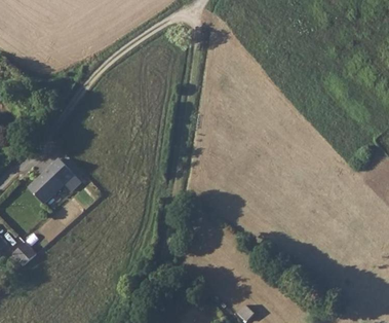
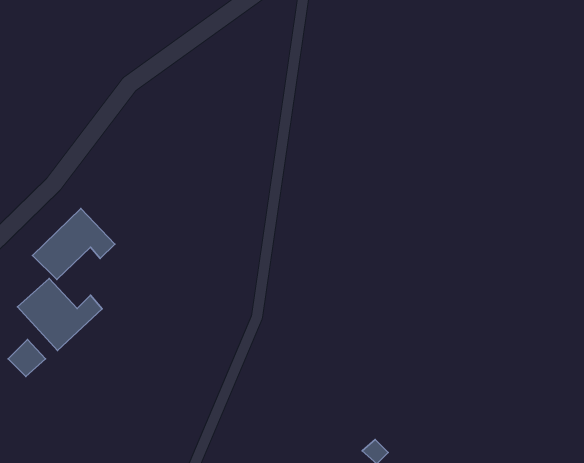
building: none -> [17,278,102,351]

